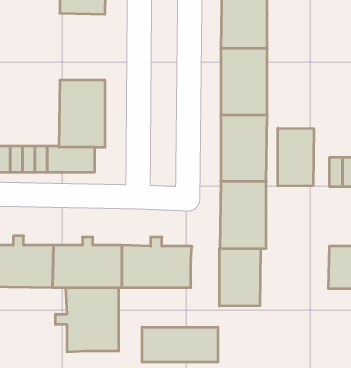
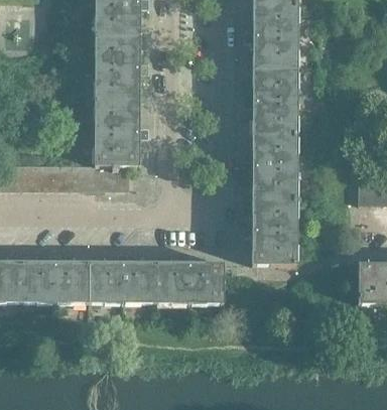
building: none -> [96,34,140,100]
building: [278,128,314,186] -> none
building: [219,248,261,306] -> none
building: [56,288,119,352] -> none
building: [142,327,218,362] -> none

